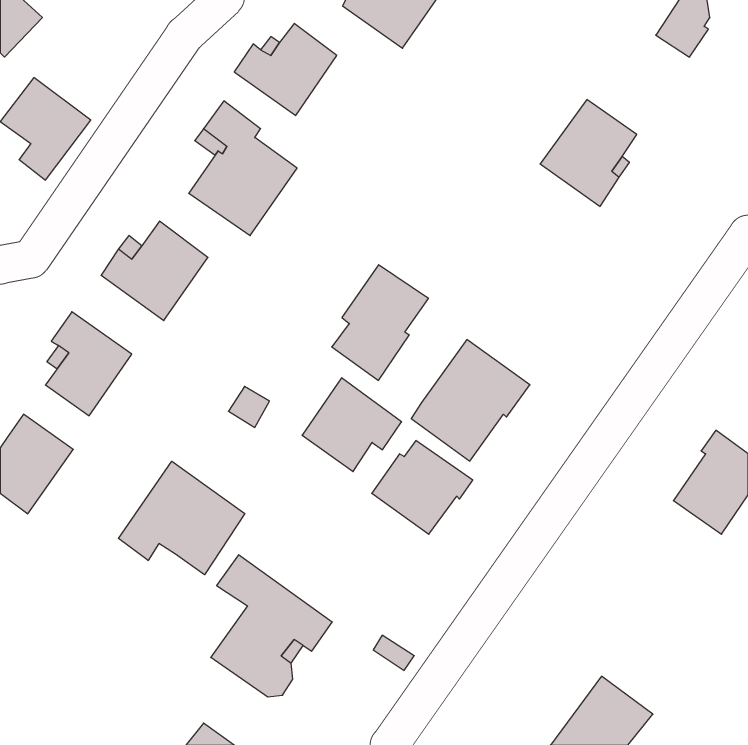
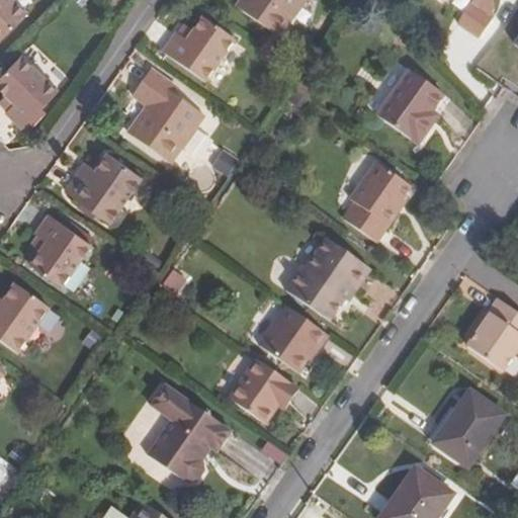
building: [332,265,428,380] -> [341,161,408,241]
building: [302,378,402,472] -> [230,354,298,419]
building: [118,461,245,575] -> none
building: none -> [433,391,504,465]

